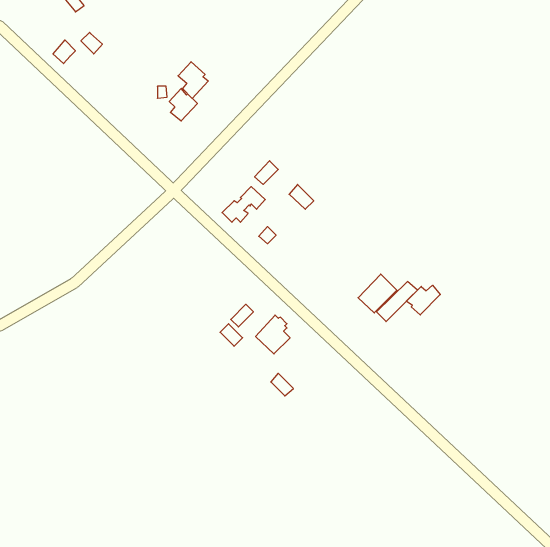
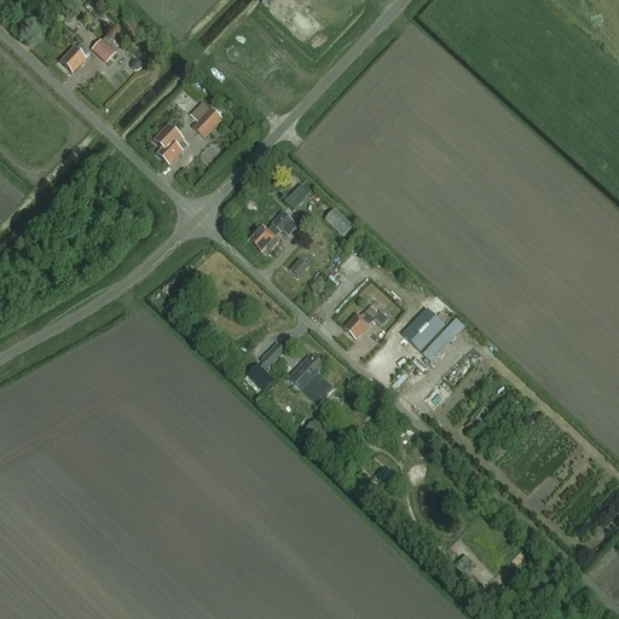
building: [178,62,208,98] -> [152,122,186,163]
building: none -> [343,303,388,339]
building: [406,285,440,315] -> none

